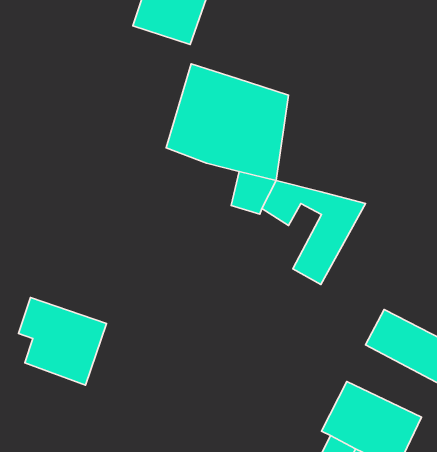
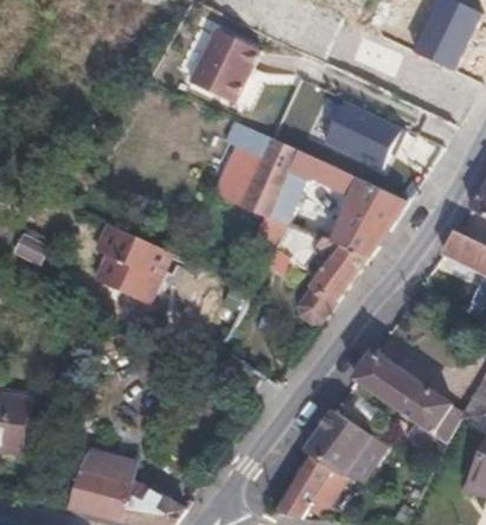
building: none -> [324,100,404,168]
building: none -> [315,161,407,258]
building: [18,298,106,385] -> [95,223,172,305]

